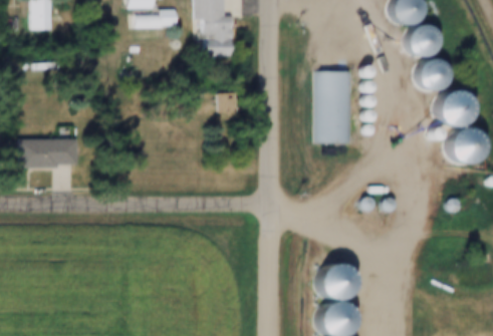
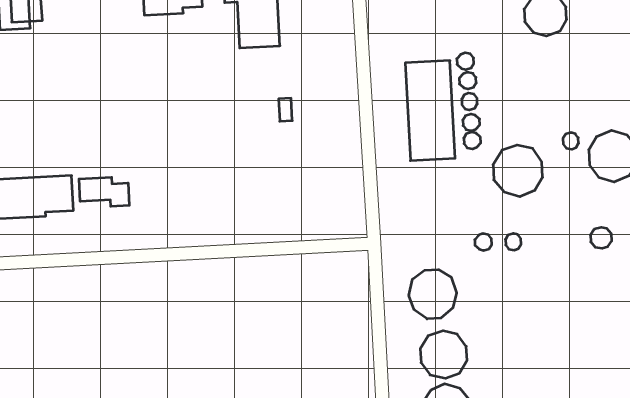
building: [418,59,448,91] -> none
building: [435,91,470,128] -> [493,145,543,197]
building: none -> [79,177,129,206]
building: none -> [409,270,457,319]

